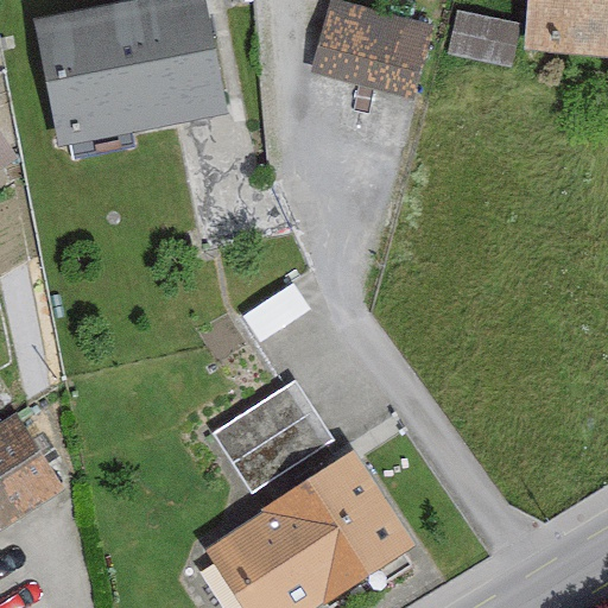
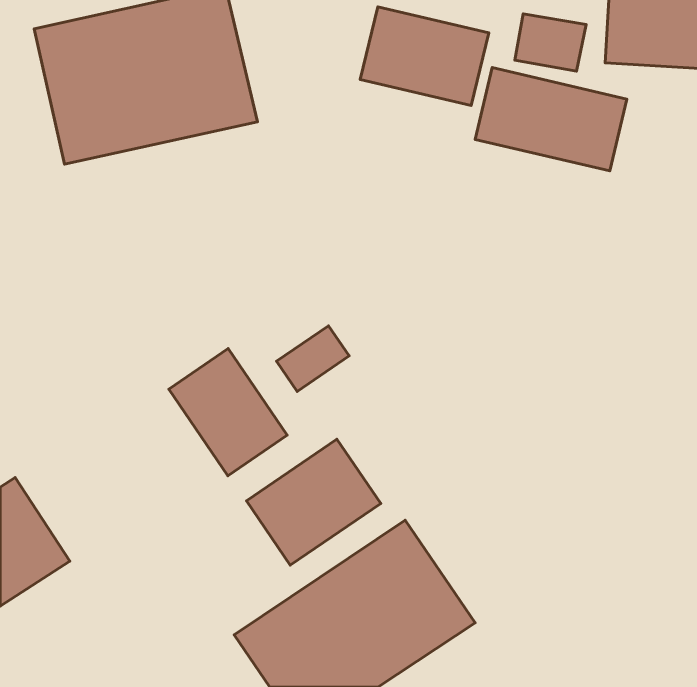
building: none -> [475,68,627,171]
building: none -> [169,349,287,476]

